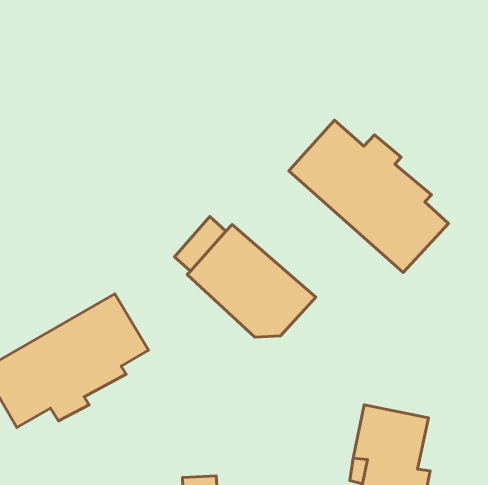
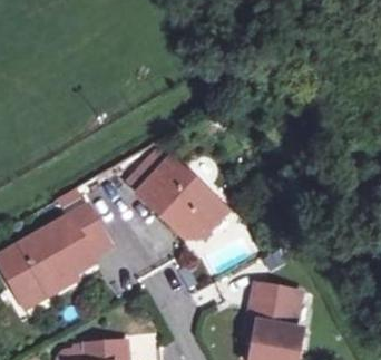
building: [289,120,448,273] -> none

